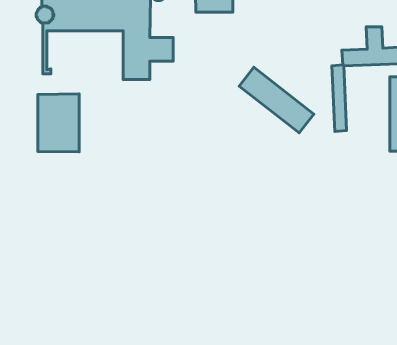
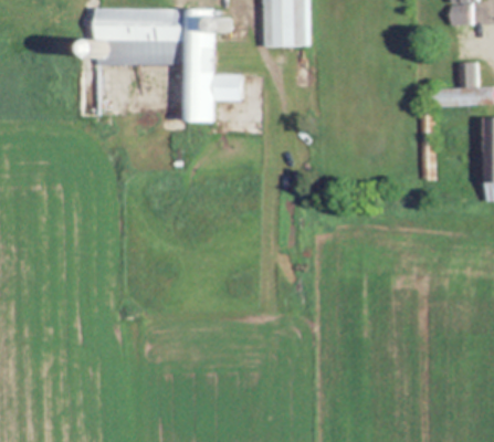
building: [239,67,314,133] -> none
building: [38,94,79,152] -> none

